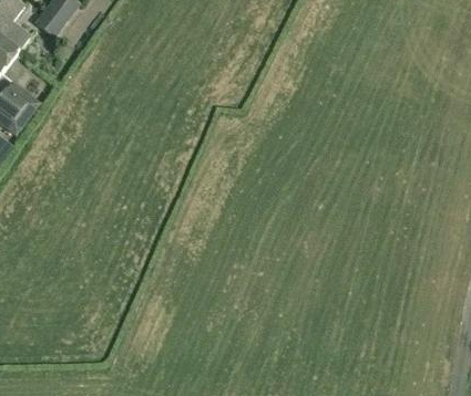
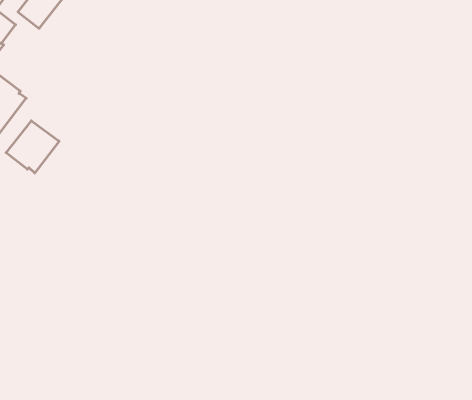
building: none -> [6,121,59,173]

